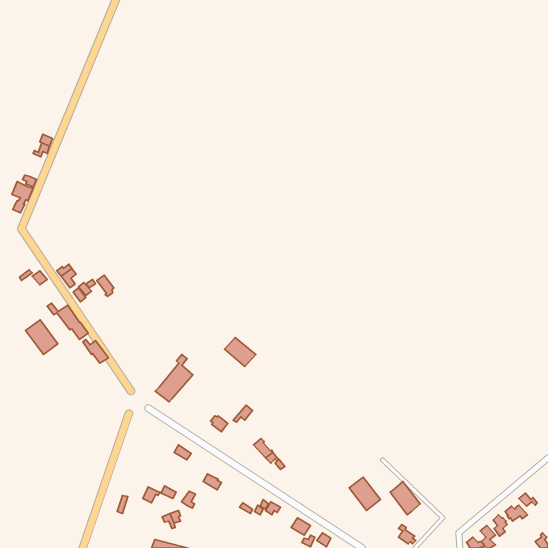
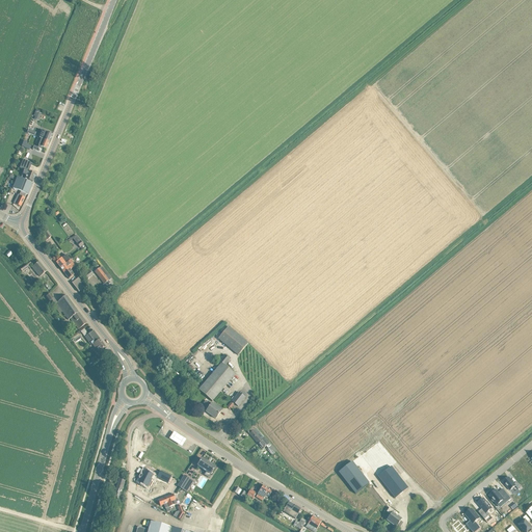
building: [25,320,58,355] -> none
building: [155,354,193,402] -> [197,354,234,400]

